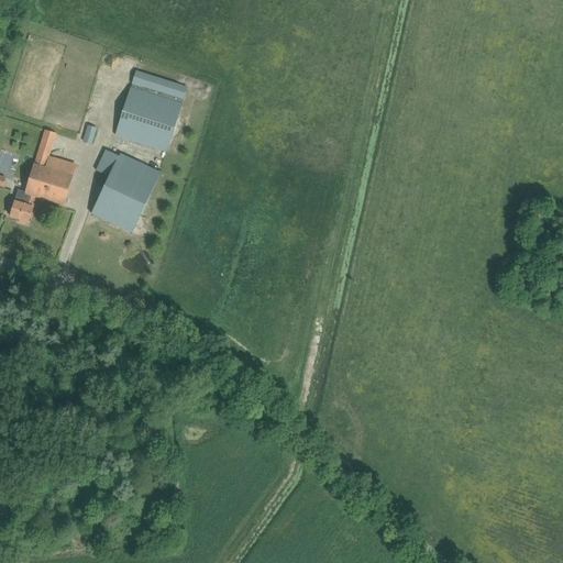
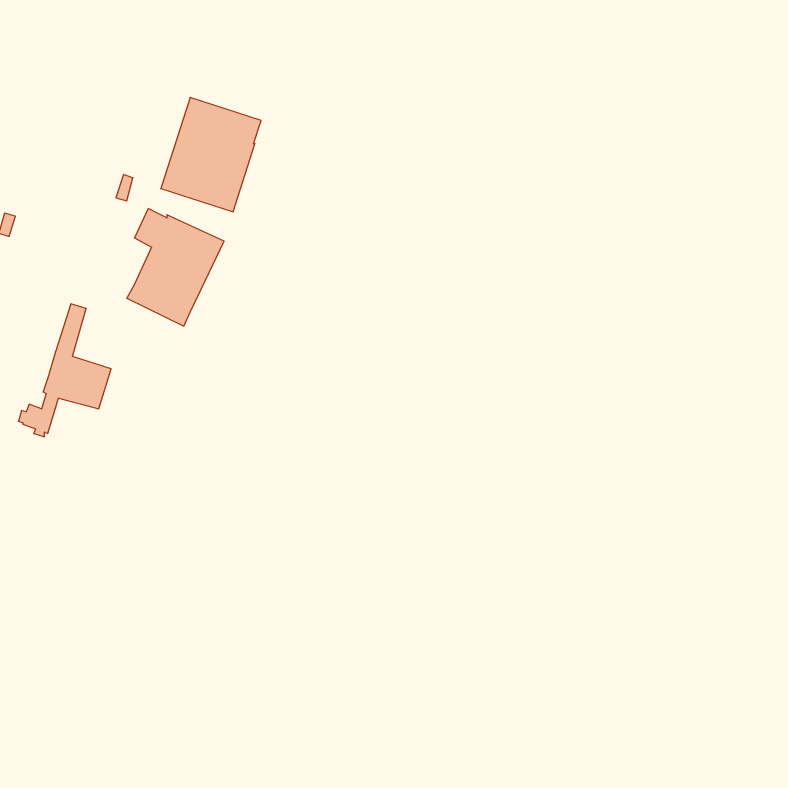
building: [7,129,73,223] -> [18,304,111,437]

